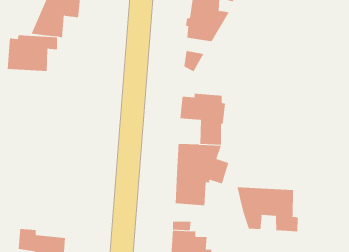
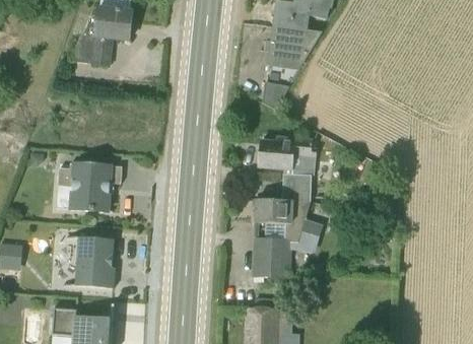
building: [7,35,58,72] -> [56,163,121,210]
building: none -> [75,236,115,287]
building: [237,186,298,232] -> none

